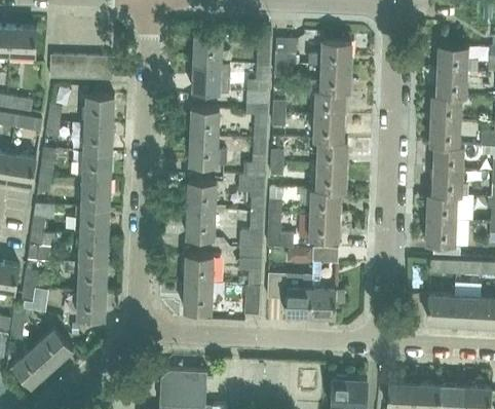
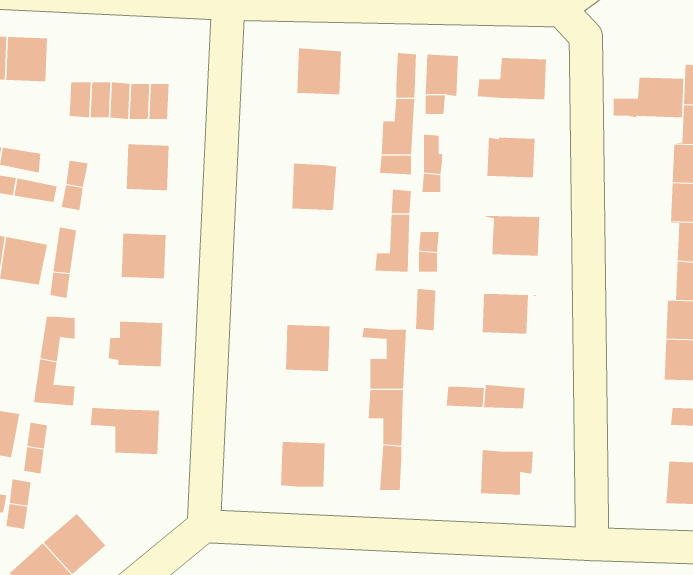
building: [192,64,229,94] -> none
building: [305,67,350,92] -> [613,77,684,118]
building: [312,116,347,142] -> none
building: [83,124,112,153] -> none
building: [189,137,227,166] -> none
building: [315,165,346,191] -> none
building: [238,176,264,213] -> none
building: [81,180,110,209] -> none
building: [187,182,216,211] -> none
building: [267,213,293,249] -> none
building: [309,215,339,241] -> none
building: [79,235,108,264] -> none
building: [184,255,213,285] -> none
building: [267,274,310,317] -> none
building: [77,291,106,320] -> none

